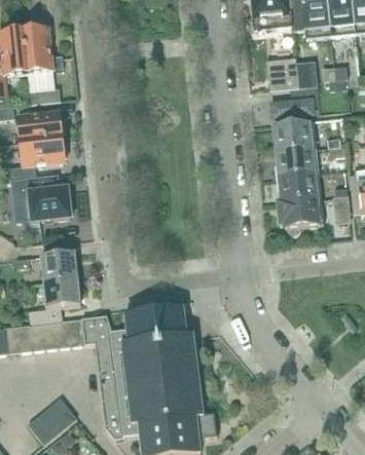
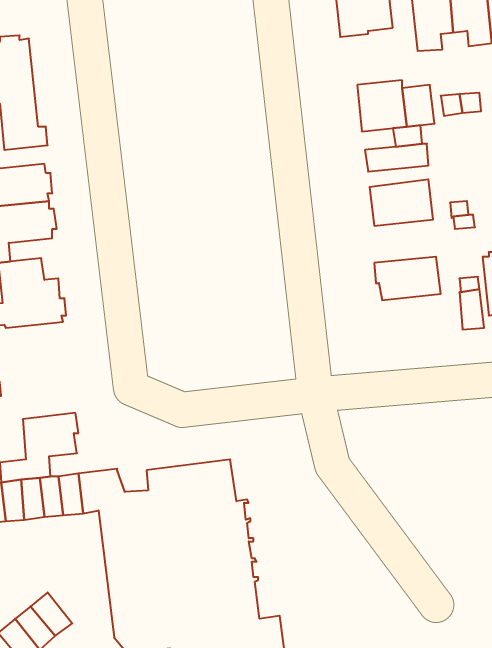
building: [276,150,319,179] -> none
building: [279,199,324,237] -> none
building: [41,253,79,282] -> none

